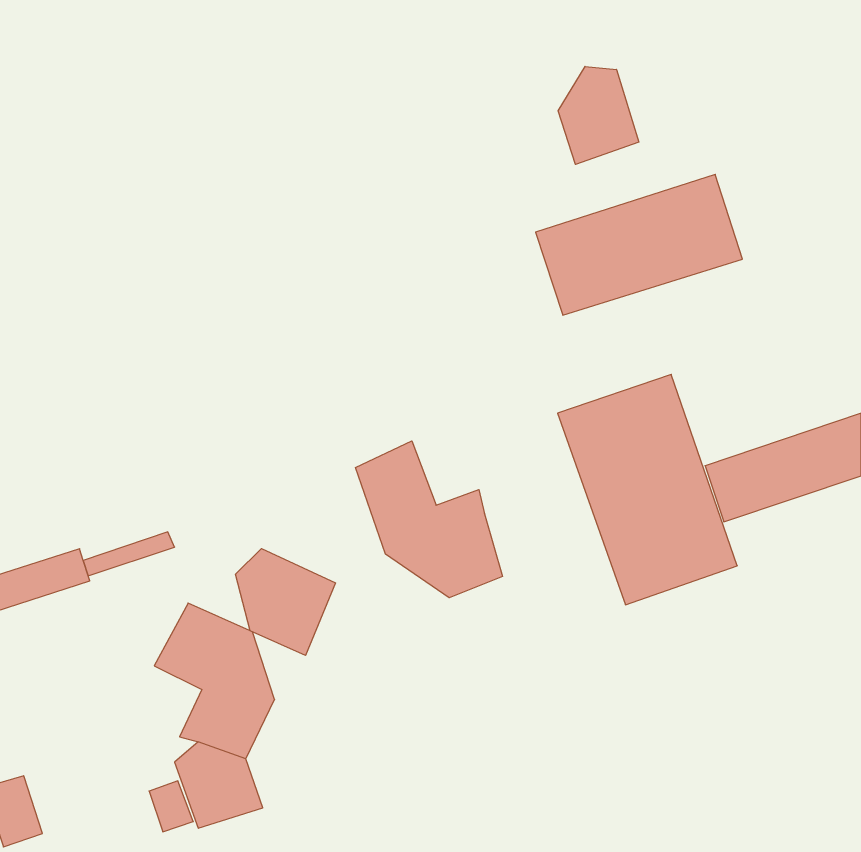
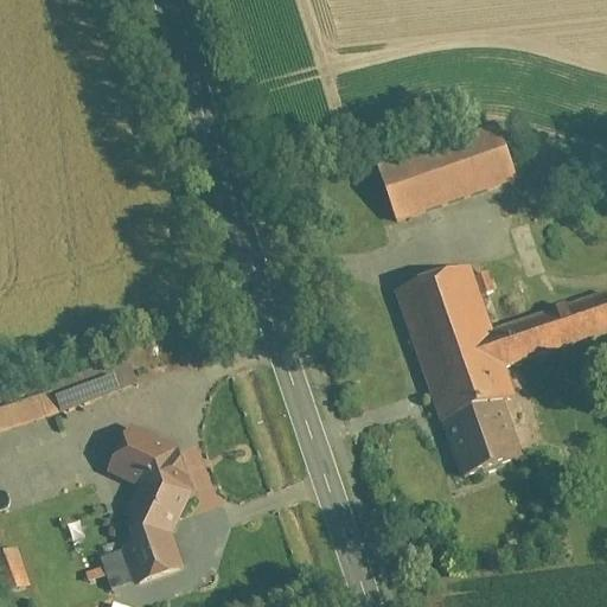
building: [558,66,639,164] -> none
building: [356,441,503,598] -> none
building: [236,549,336,655] -> none
building: none -> [443,404,515,479]

